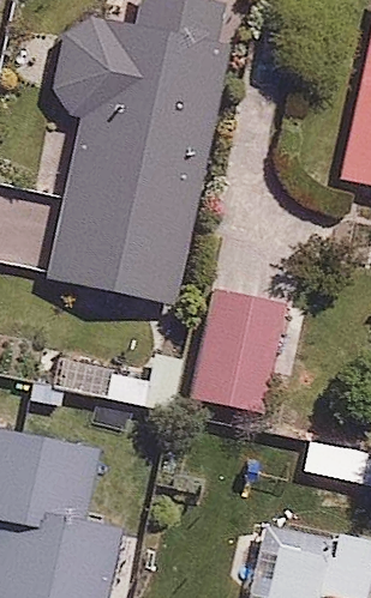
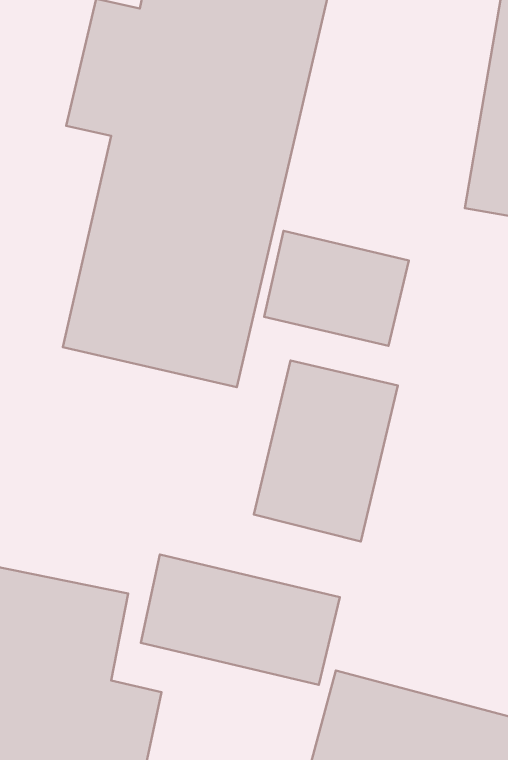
building: none -> [264,231,409,346]
building: none -> [141,555,340,685]

